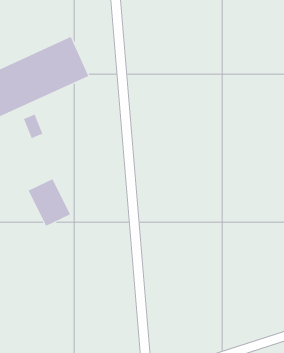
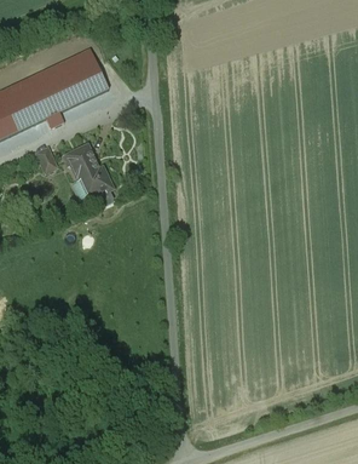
building: [28,179,71,226] -> [60,139,112,197]

